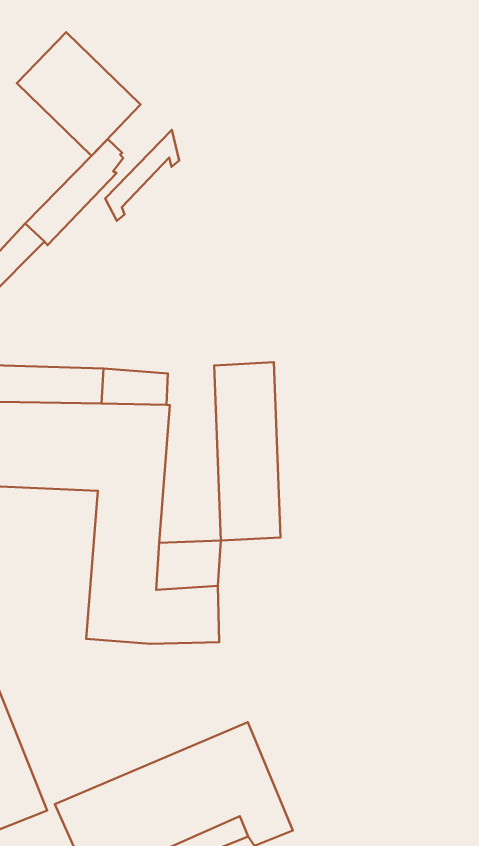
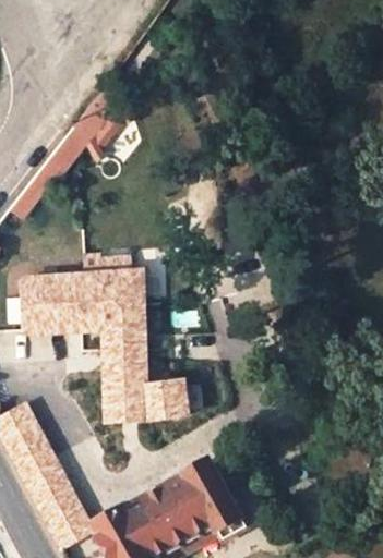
building: [17,32,141,156] -> none
building: [214,362,281,540] -> none

